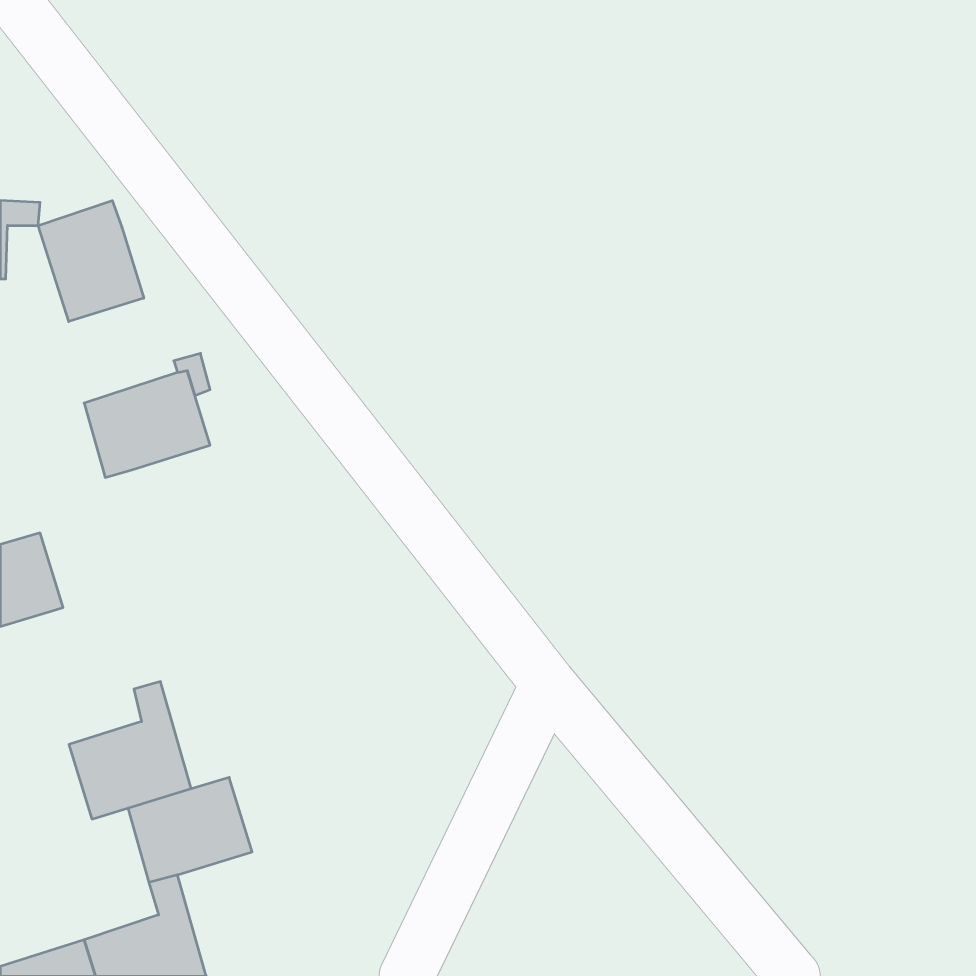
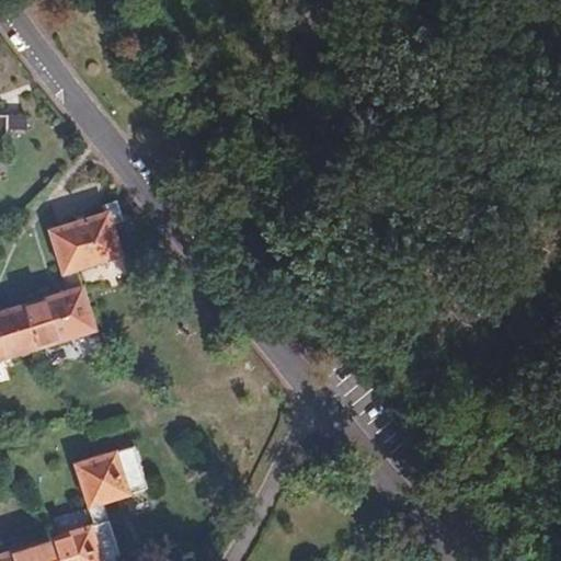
building: [38,201,144,322] -> none
building: [69,682,191,819] -> [23,270,93,348]

